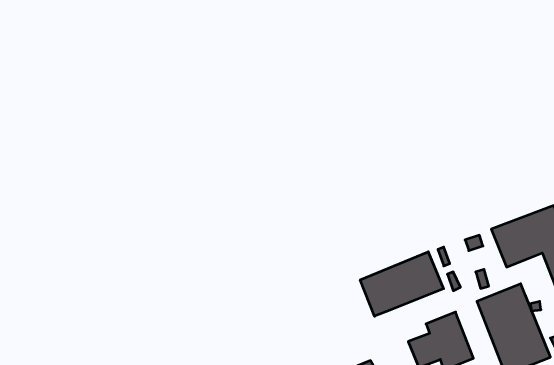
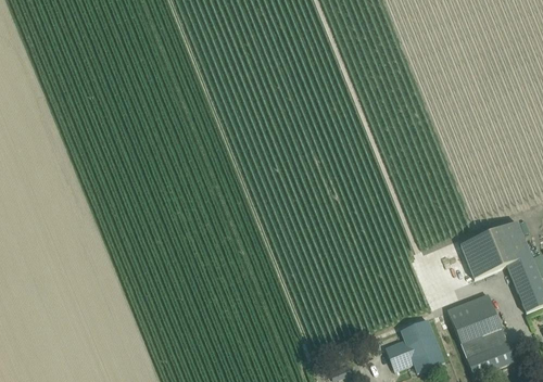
building: [360,252,444,316] -> none

